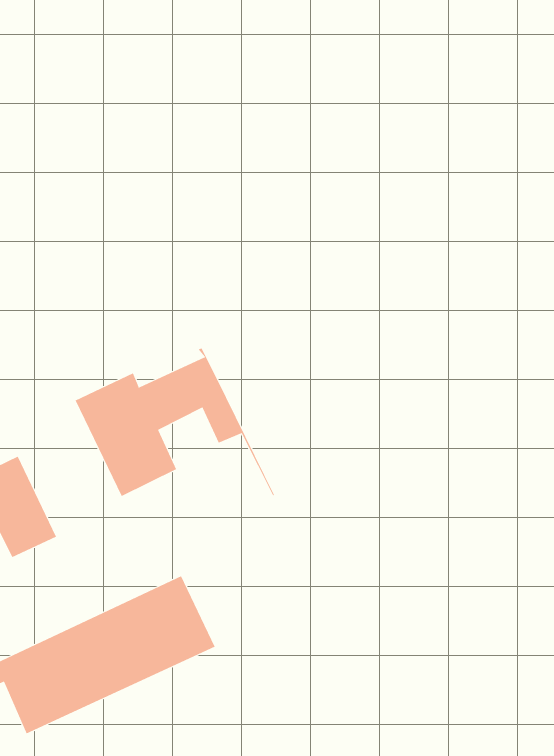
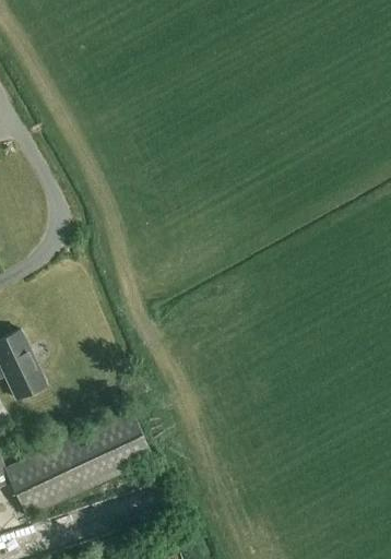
building: [75,347,275,497] -> none

